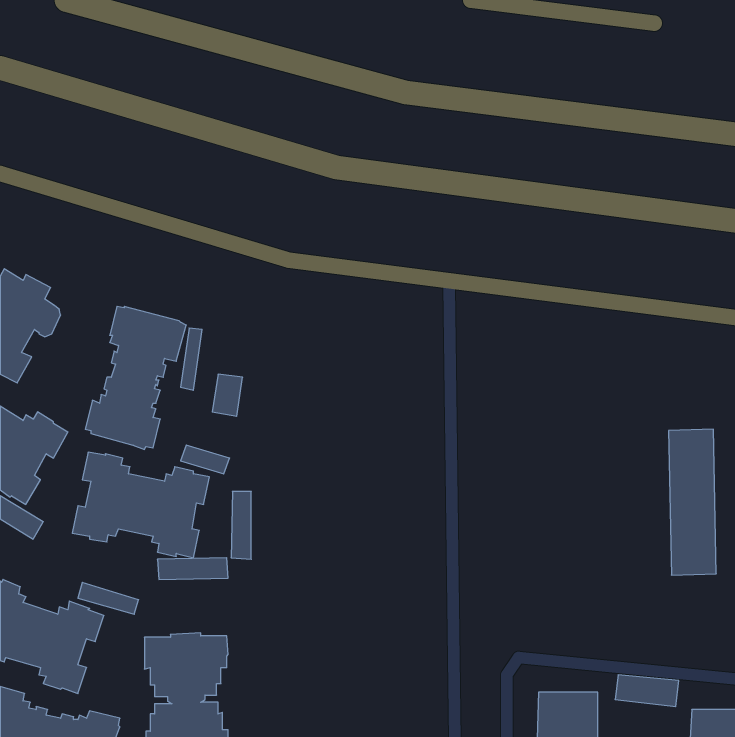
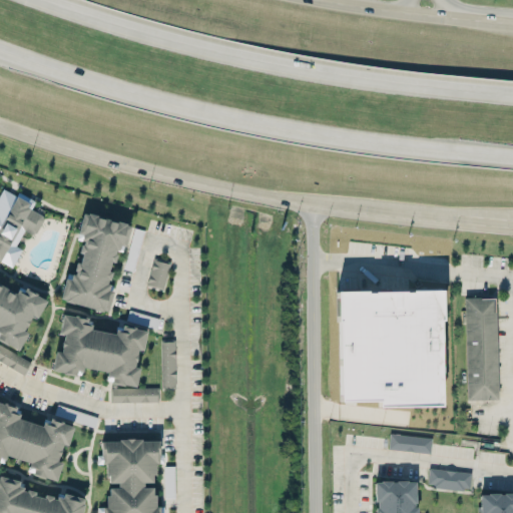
building: none -> [338,290,442,407]
building: none -> [390,434,434,454]

